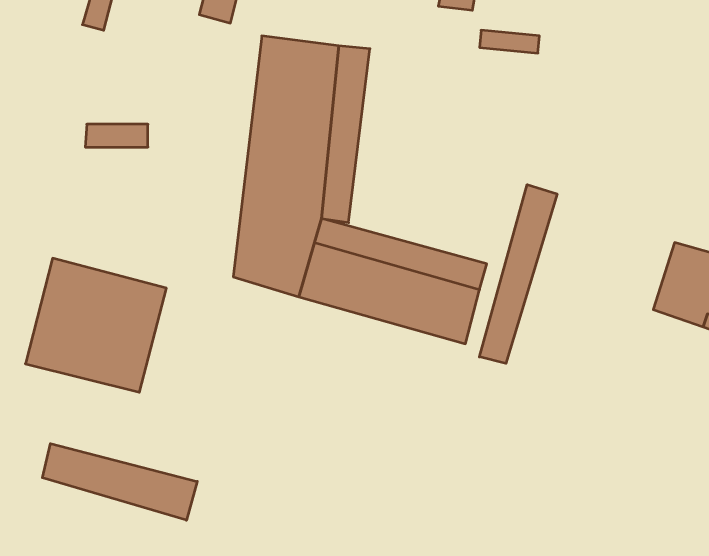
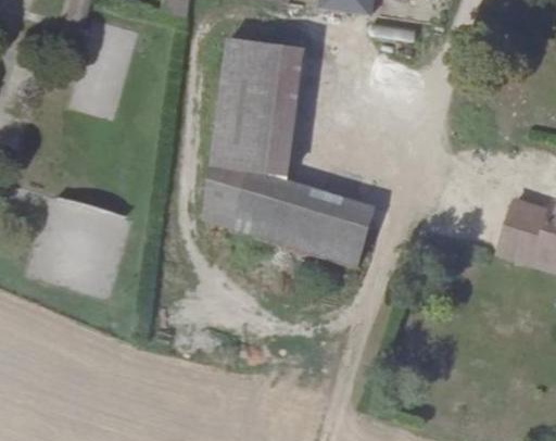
building: [479,185,557,363] -> none
building: [42,444,197,520] -> none

